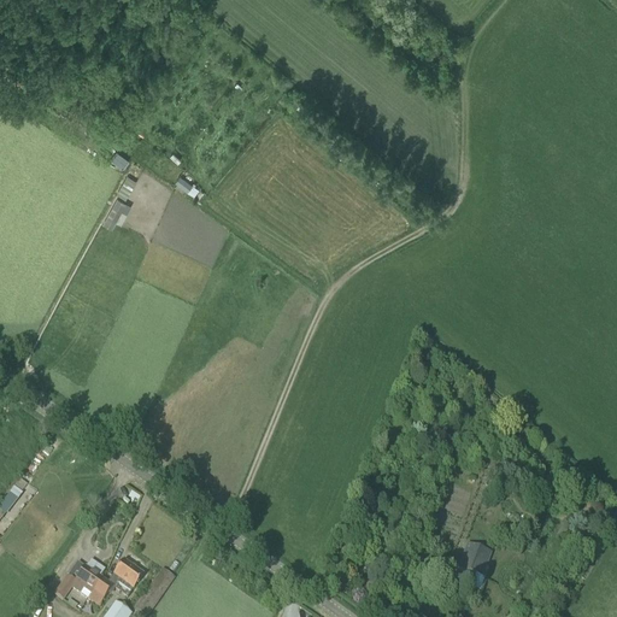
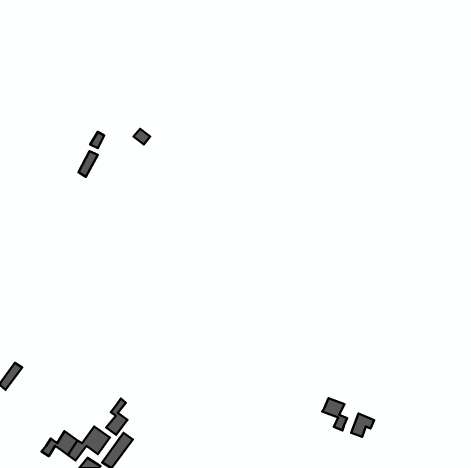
building: none -> [322,398,347,431]
building: none -> [106,398,128,435]

